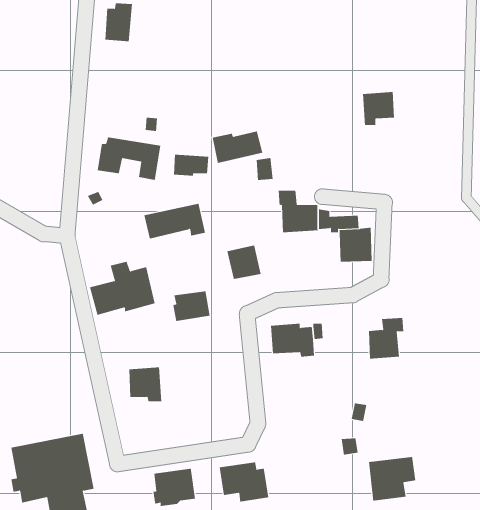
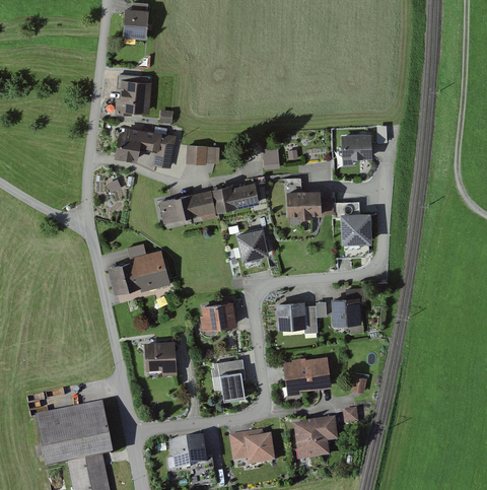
building: none -> [115,73,151,115]
building: [362,92,395,125] -> [341,134,371,165]
building: [212,131,263,164] -> [211,183,259,213]
building: [172,291,211,321] -> [200,303,235,332]
building: [368,318,404,359] -> [332,287,365,326]
building: none -> [282,356,332,396]
building: none -> [211,358,246,401]
building: [368,456,416,501] -> [293,419,338,461]

